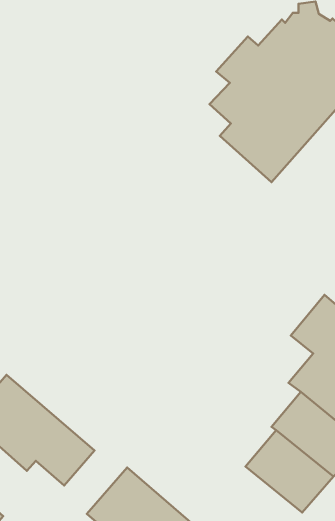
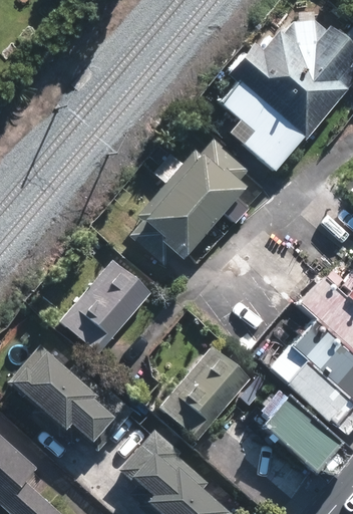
building: none -> [140,158,245,267]
building: none -> [62,262,157,360]
building: none -> [163,344,249,432]

